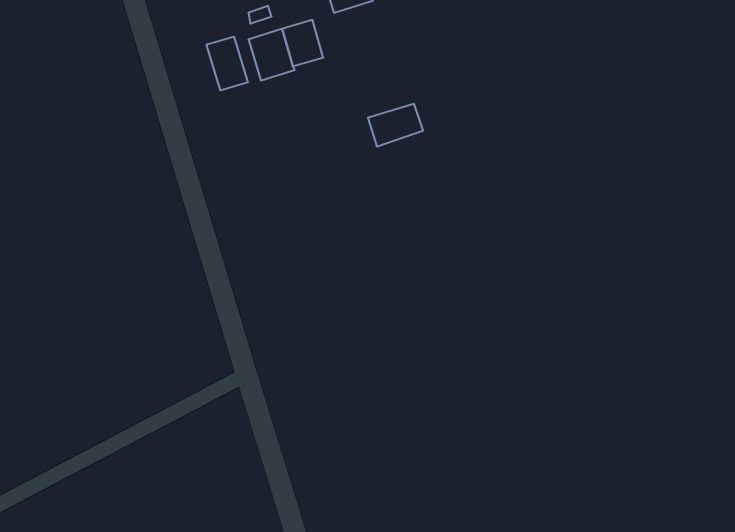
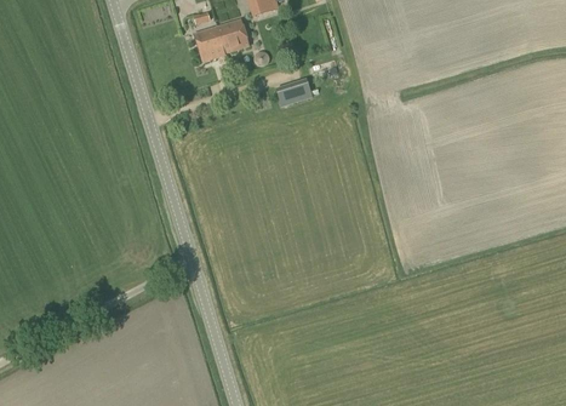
building: [207,37,248,90] -> none

